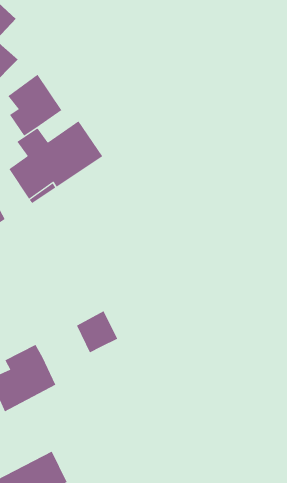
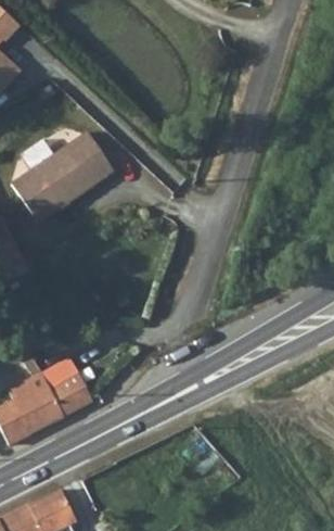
building: [7,74,62,137] -> none
building: [76,310,118,353] -> [50,370,94,416]

